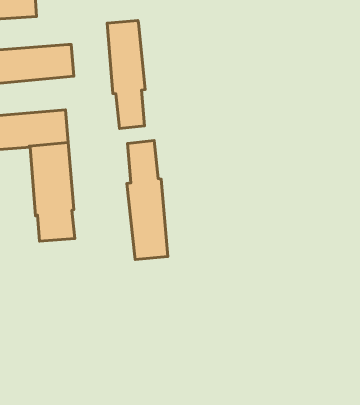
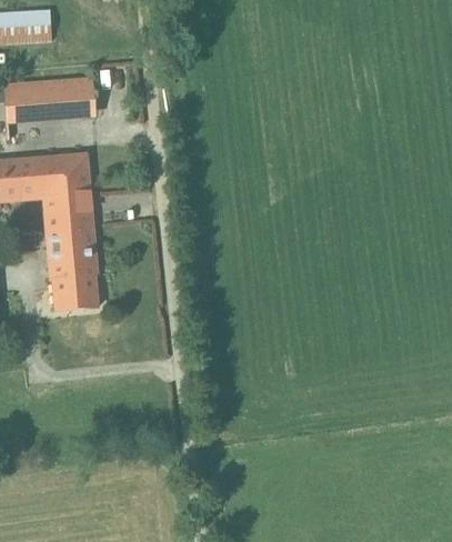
building: [107,20,145,128] -> none
building: [127,141,168,259] -> none

